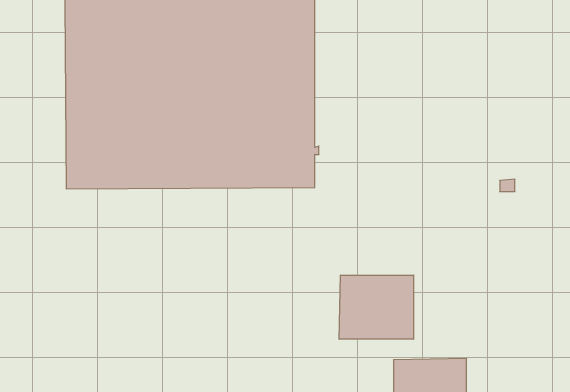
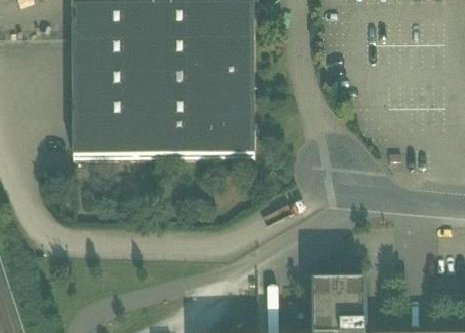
building: [339,275,414,339] -> none

